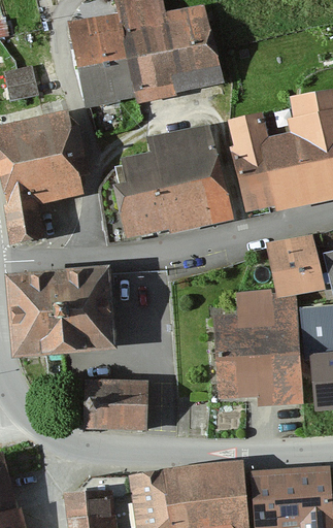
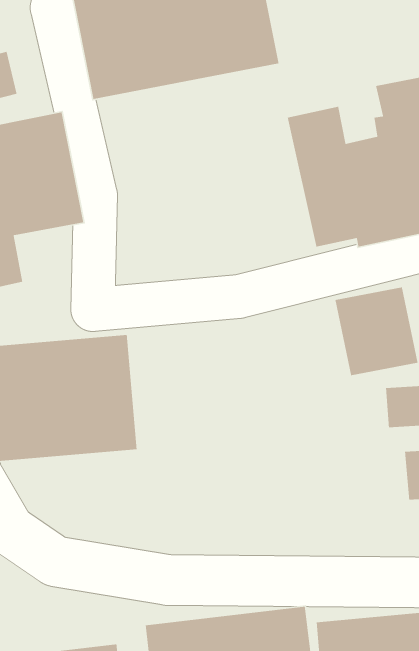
building: [115,121,235,240] -> none
building: [211,302,301,412] -> none
building: [84,377,153,431] -> none

